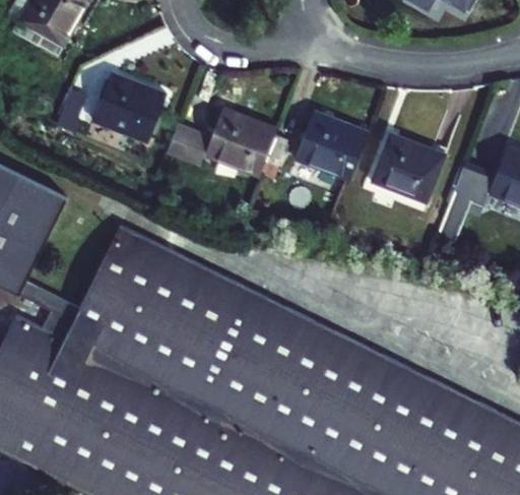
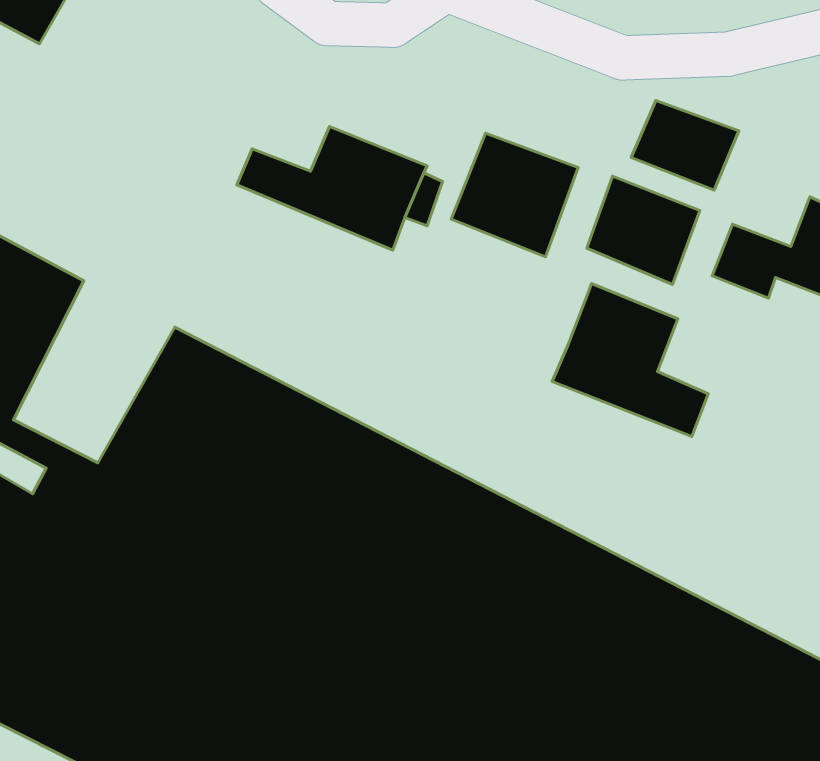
building: [74,78,157,151] -> none
building: none -> [631,100,739,190]
building: none -> [552,283,708,436]

